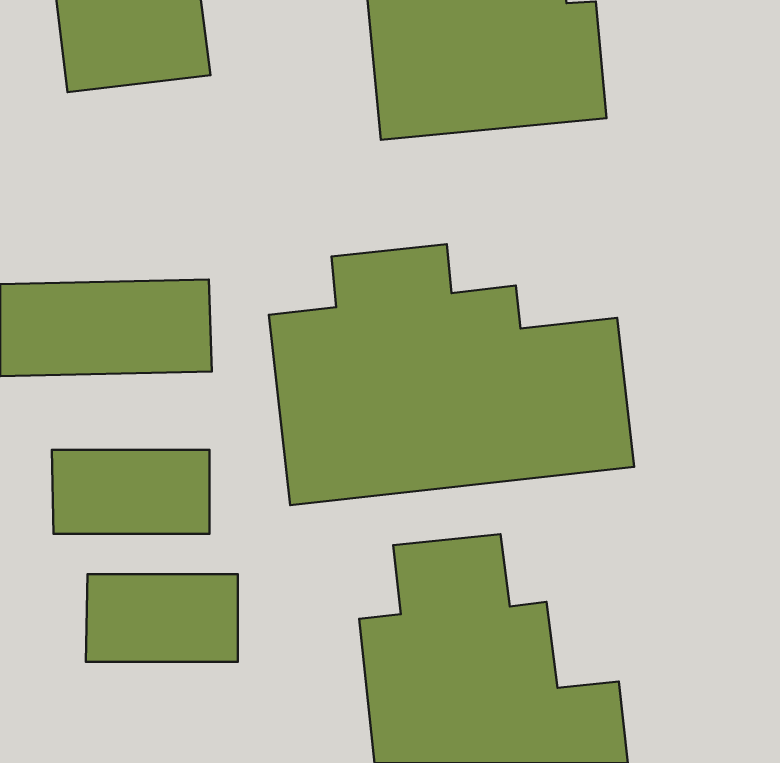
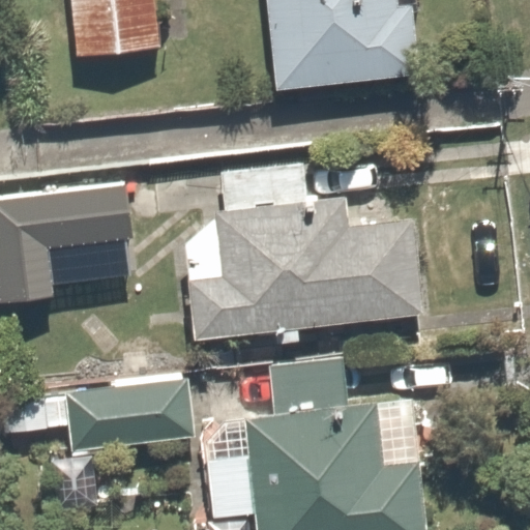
building: [52,450,210,534] -> none

